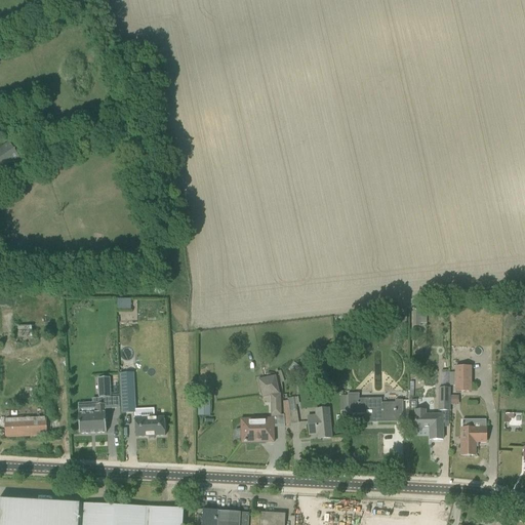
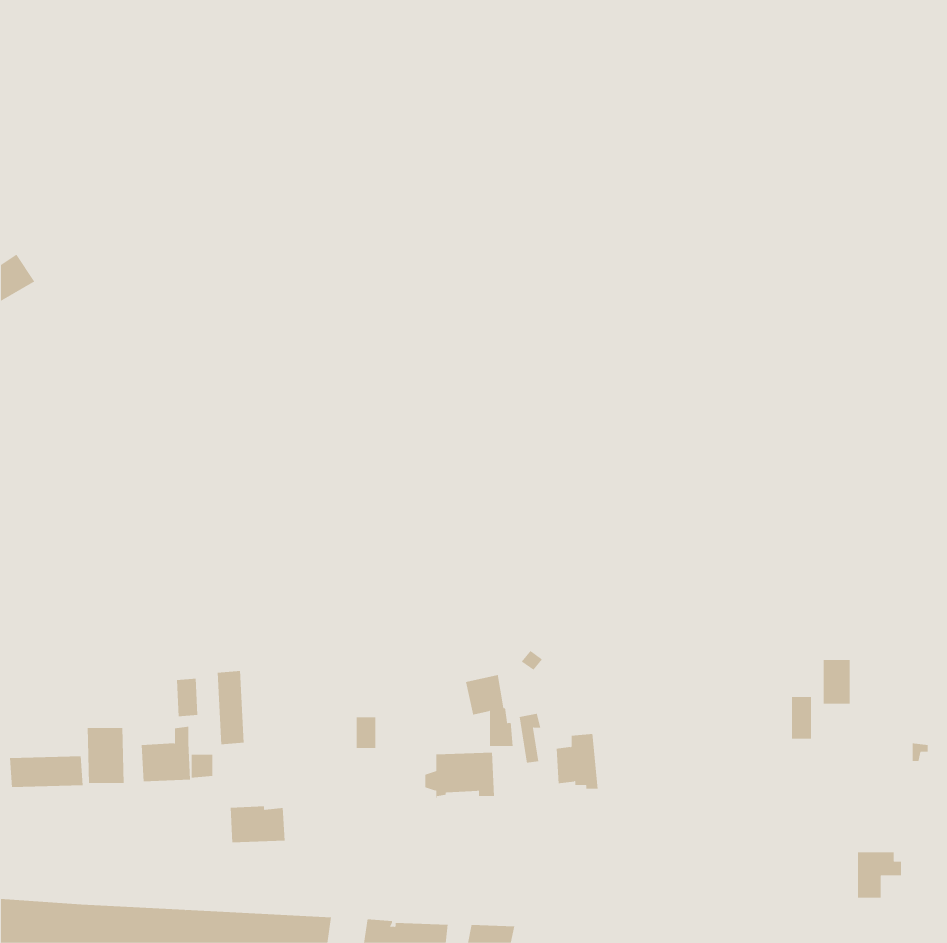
building: [340,392,403,421] -> none
building: none -> [87,727,124,784]
building: [415,408,442,438] -> none
building: [134,414,165,435] -> [230,806,285,843]
building: [461,427,486,452] -> [857,852,902,898]

